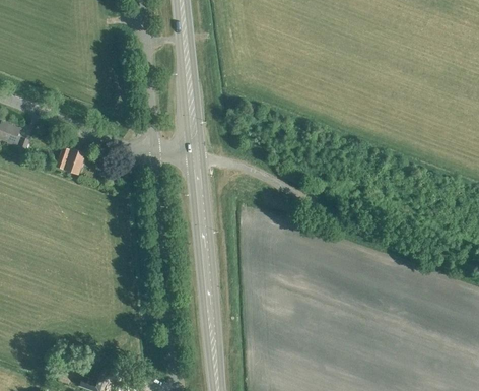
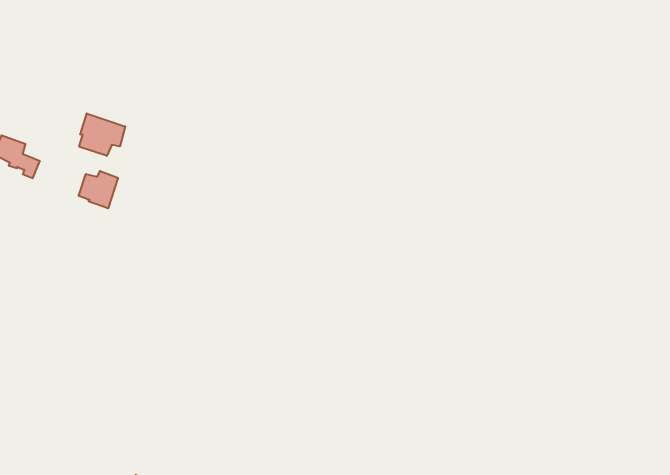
building: none -> [79,113,125,156]

